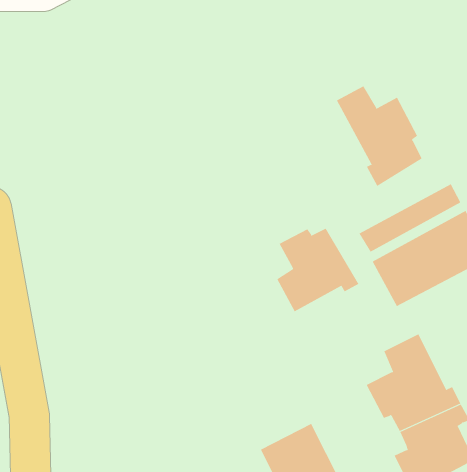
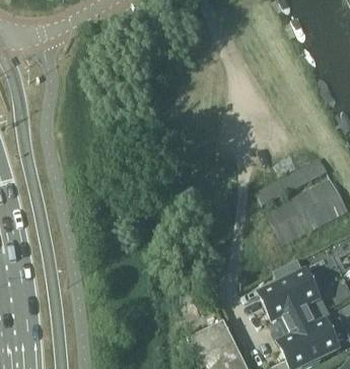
building: [336,85,422,187] -> none
building: [276,228,359,312] -> none

